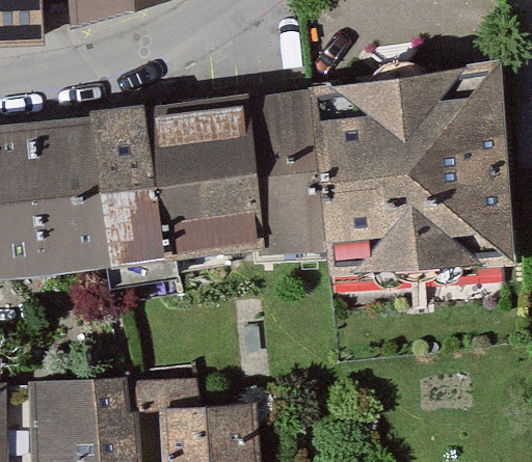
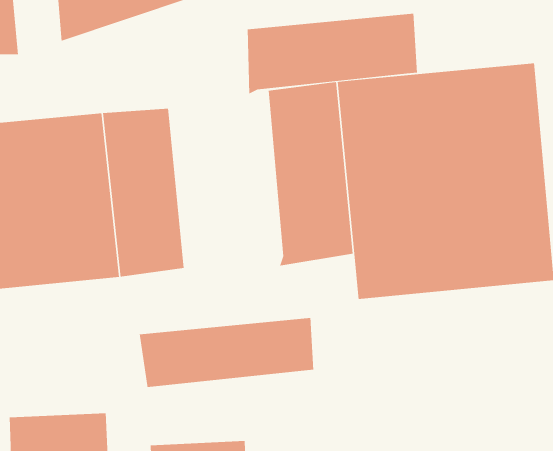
building: none -> [247,13,418,95]
building: [171,98,277,253] -> none
building: none -> [139,317,314,388]

